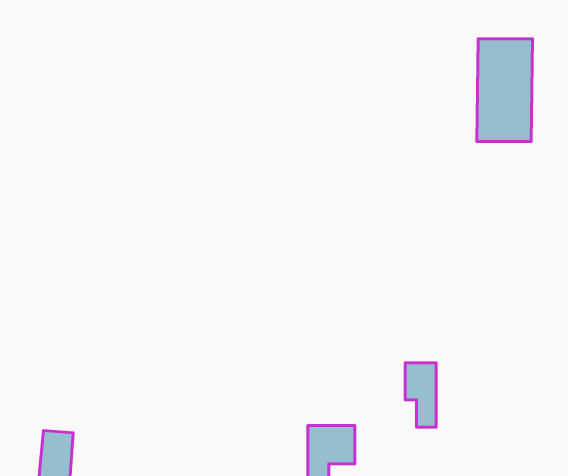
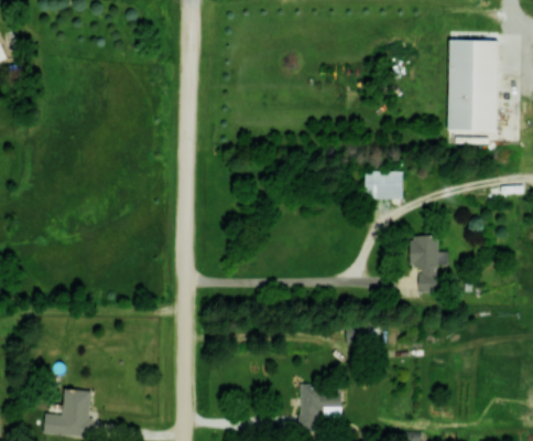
building: none -> [365,171,401,200]
building: [405,363,436,427] -> [409,236,436,293]

